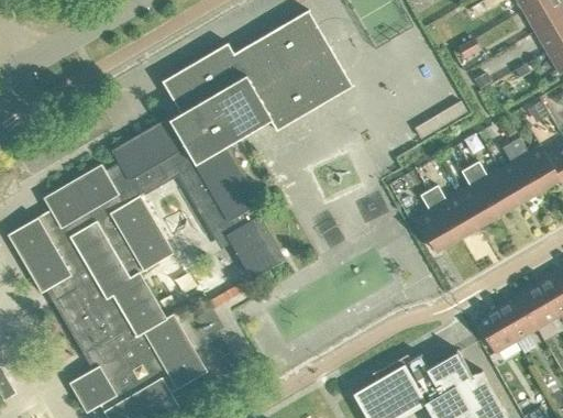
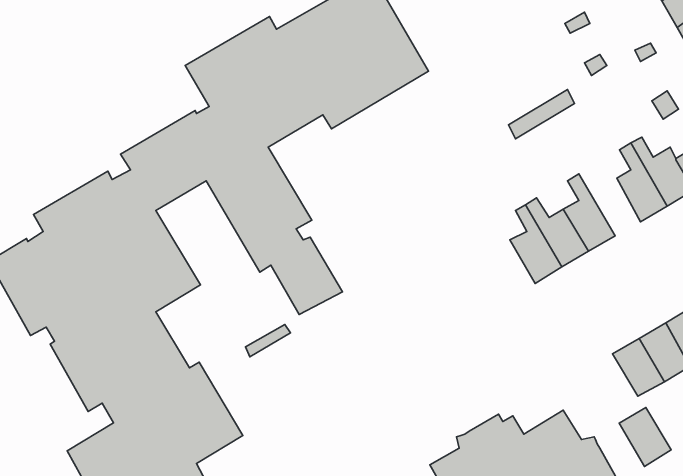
building: [470,162,518,216] -> none
building: [475,308,516,354] -> [619,408,671,467]

